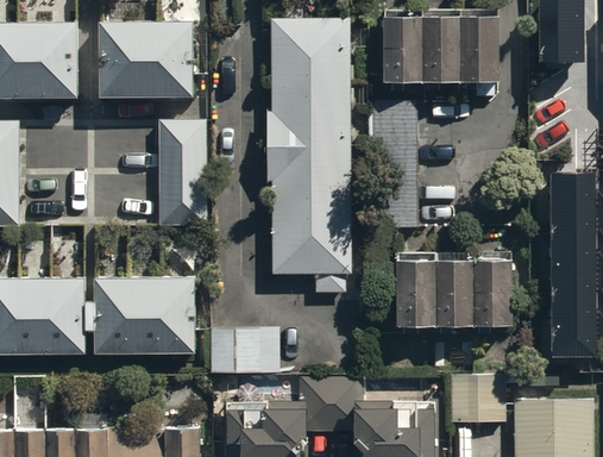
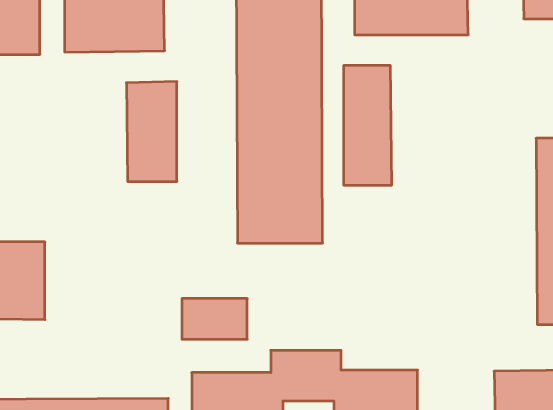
building: [406,256,515,327] -> none
building: [90,277,194,352] -> none
building: [450,375,503,425] -> none

